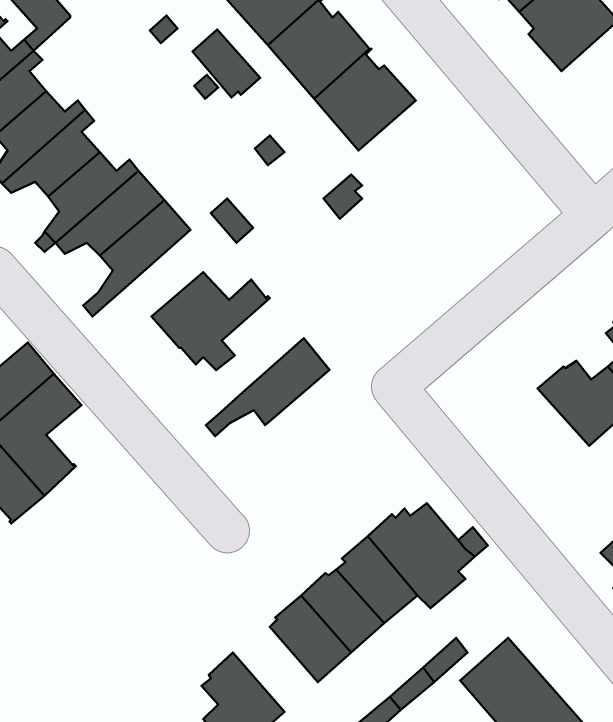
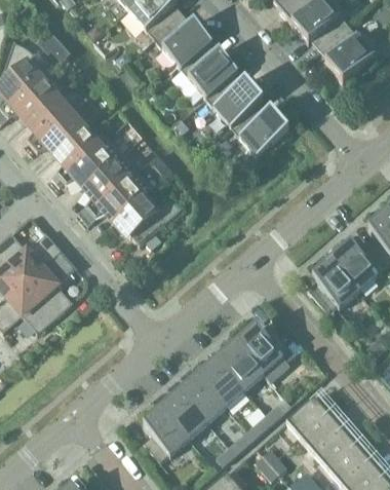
building: [193,29,260,98] -> none
building: none -> [231,98,289,161]
building: [206,338,330,436] -> [83,169,152,224]
building: none -> [307,258,359,313]
building: none -> [161,390,208,438]

